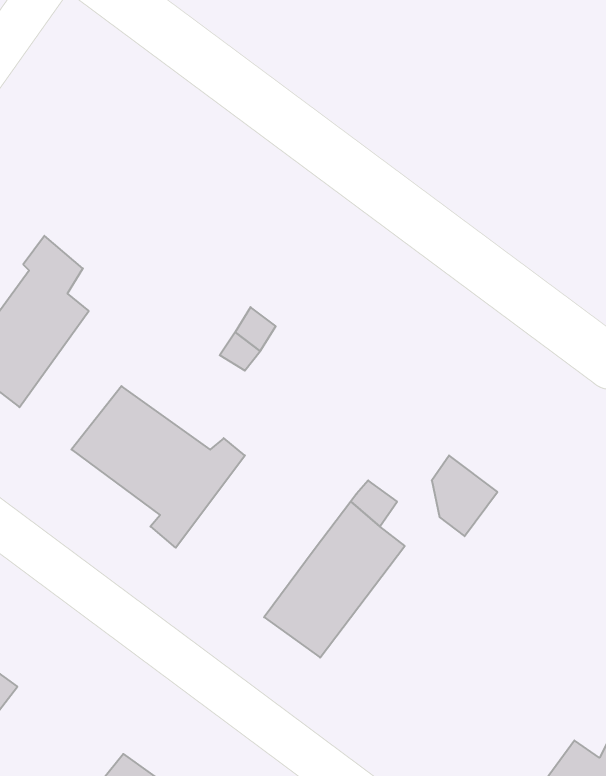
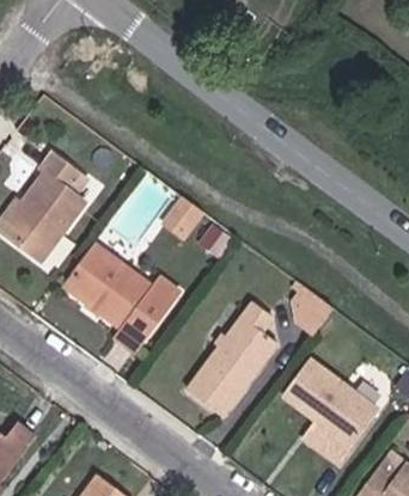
building: none -> [286,360,381,464]

